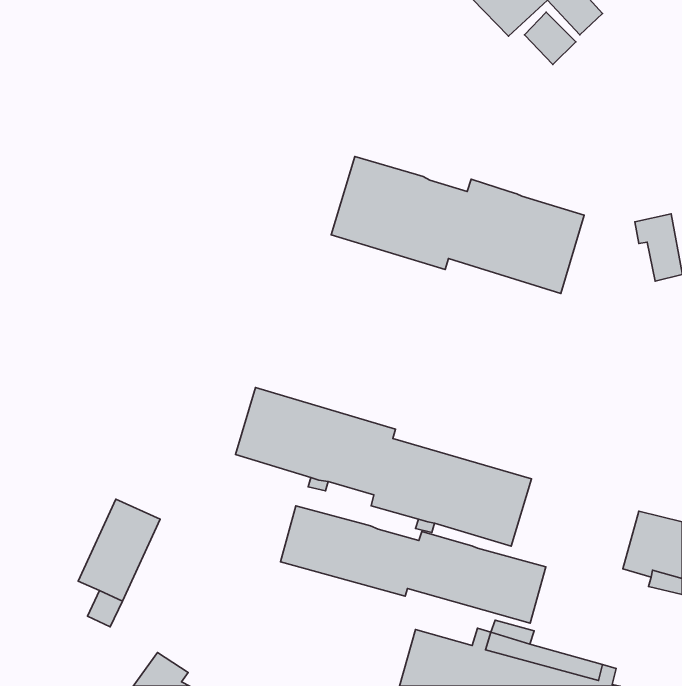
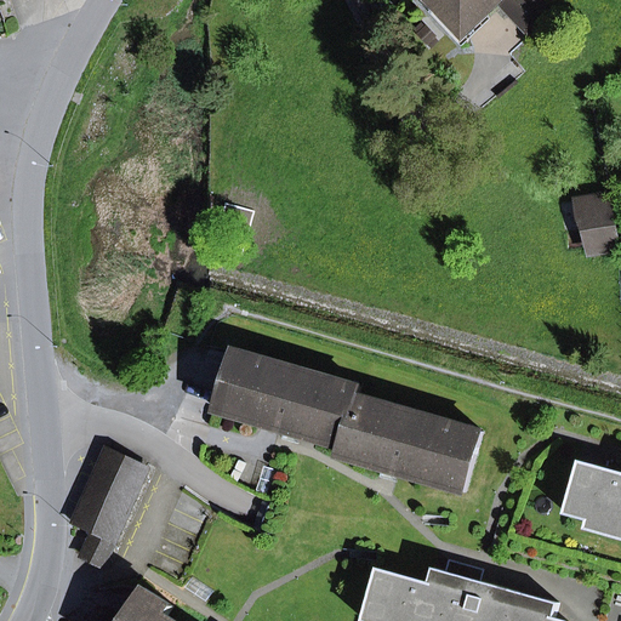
building: [331,156,584,294] -> none
building: [280,506,546,623] -> none

